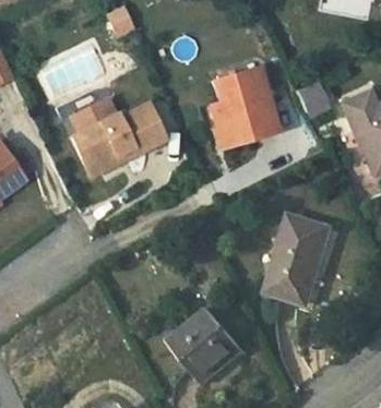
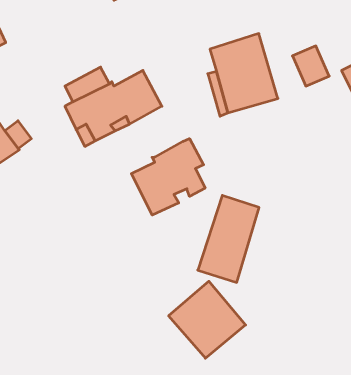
building: none -> [131,139,205,215]
building: [269,220,329,305] -> [198,195,259,282]

